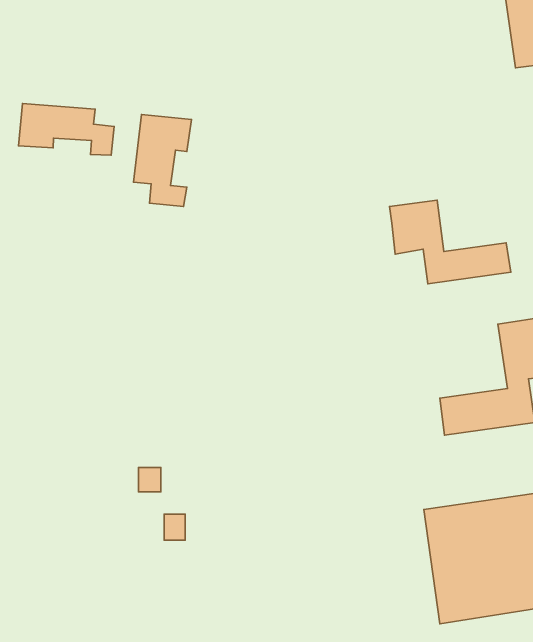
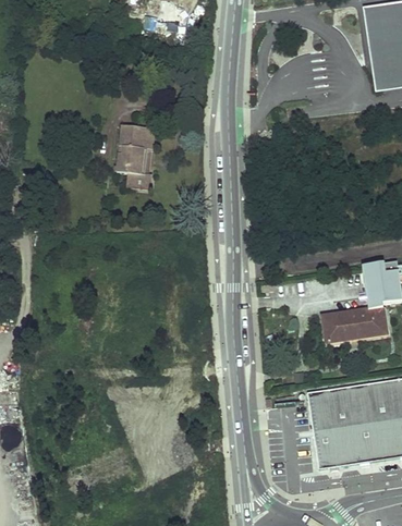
building: [19,103,114,155] -> none
building: [390,200,511,284] -> none

